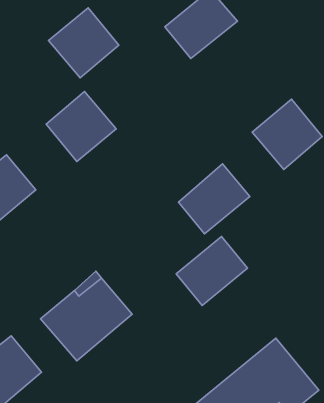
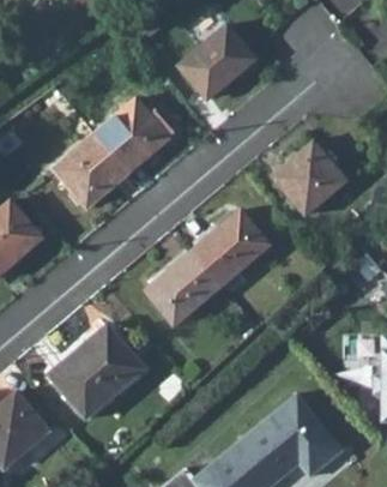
building: [49,8,119,78] -> [95,98,169,173]
building: [176,237,247,306] -> [146,251,222,324]

